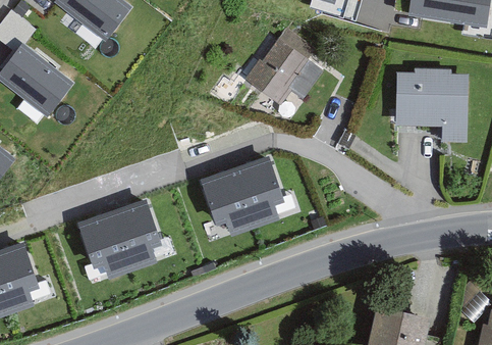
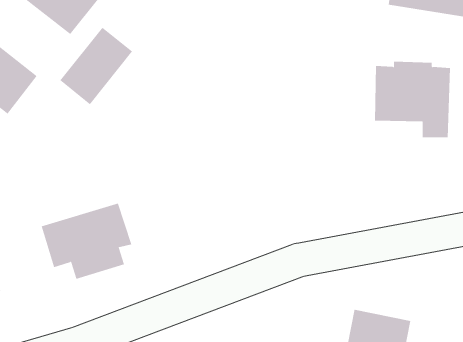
building: [243,27,315,105] -> none
building: none -> [60,27,133,105]
building: [199,156,284,236] -> none

